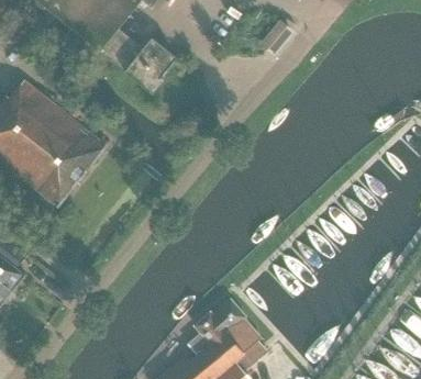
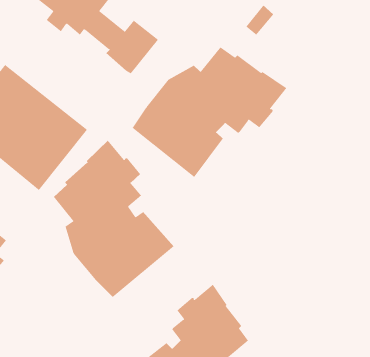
building: none -> [132,47,287,178]
building: none -> [53,140,175,298]

